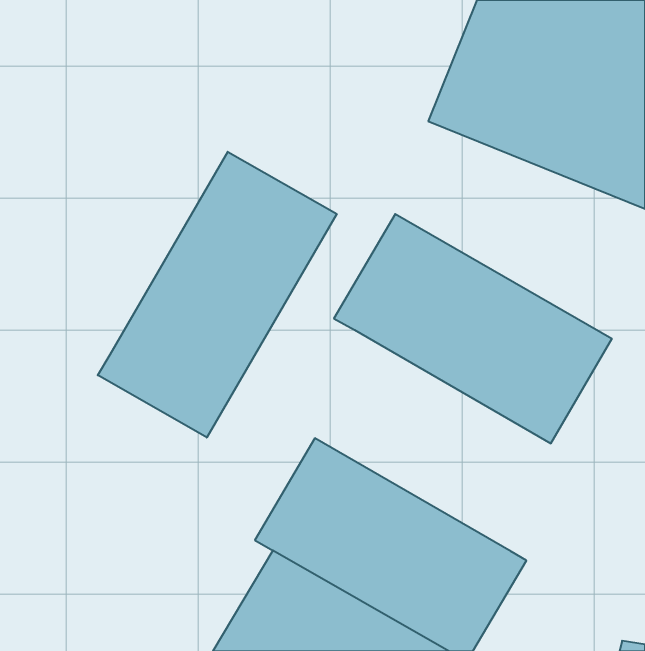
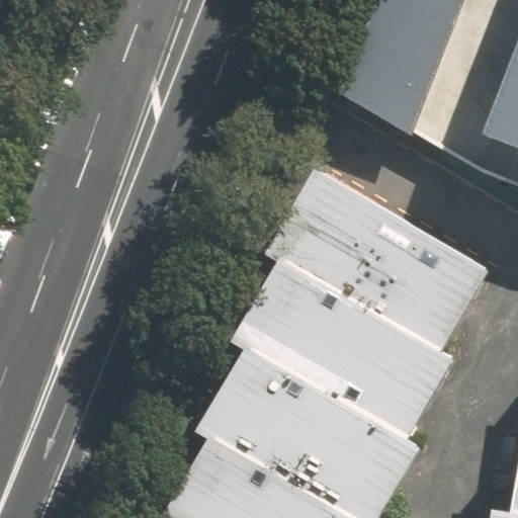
building: [98,152,337,438] -> none
building: none -> [237,262,451,438]

